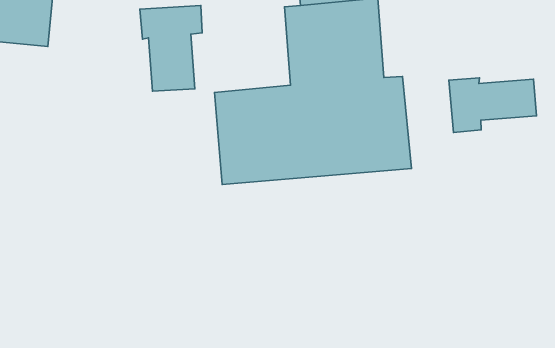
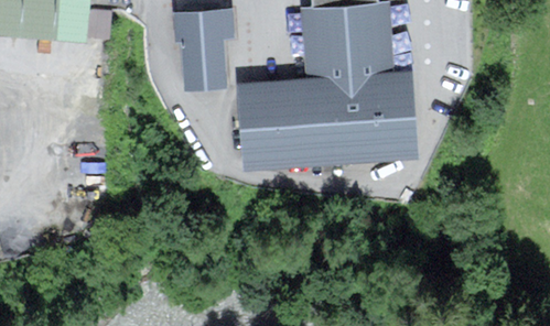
building: [449,78,537,133] -> none

